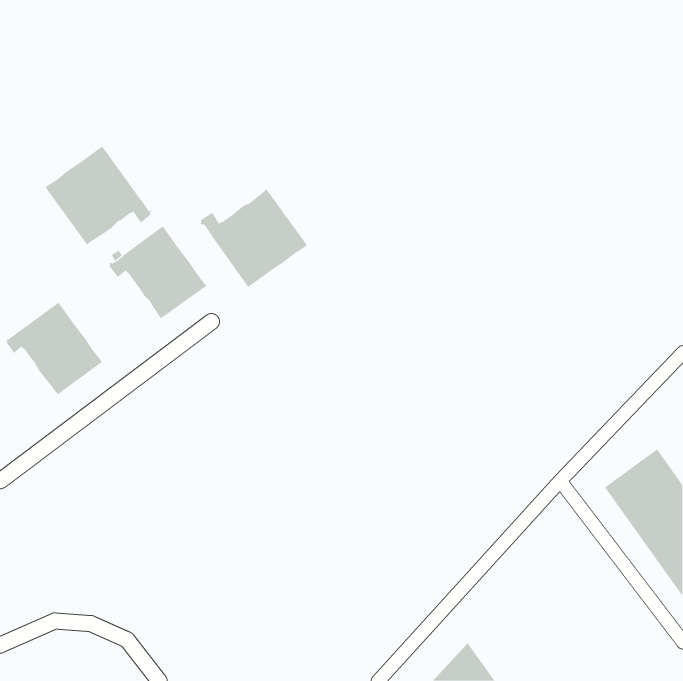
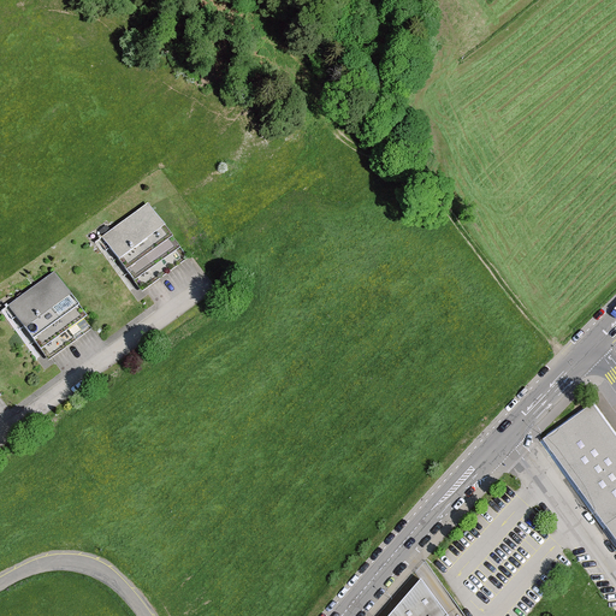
building: [45,145,152,245] -> none
building: [199,189,308,288] -> none

